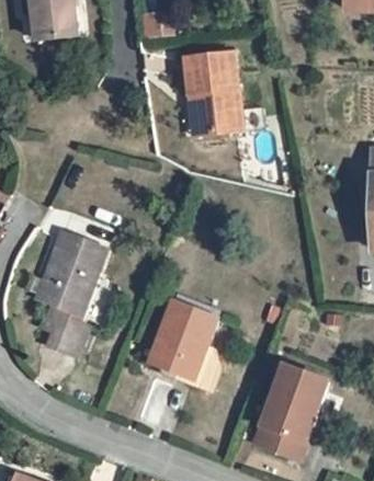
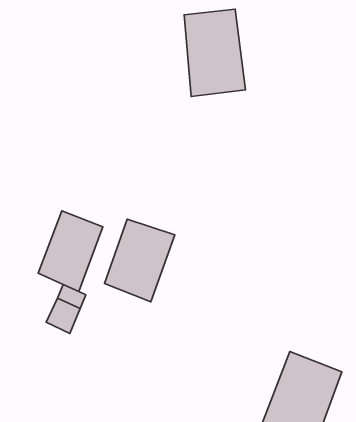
building: [148,301,216,381] -> [104,219,175,302]

